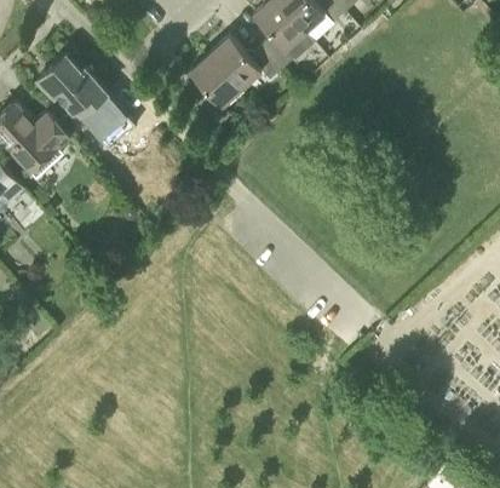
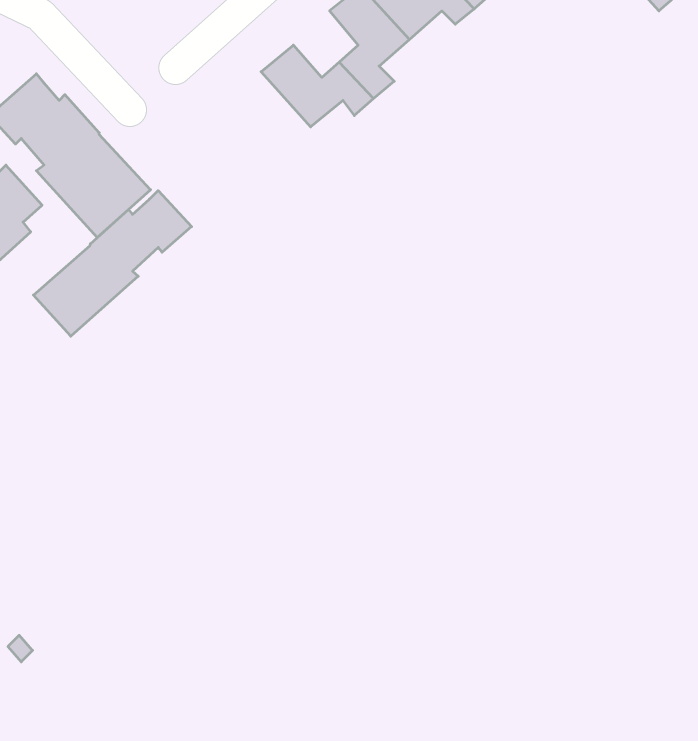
building: [189,53,241,127] -> none
building: none -> [33,191,192,336]

